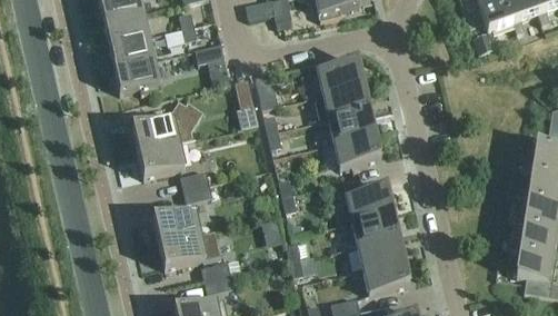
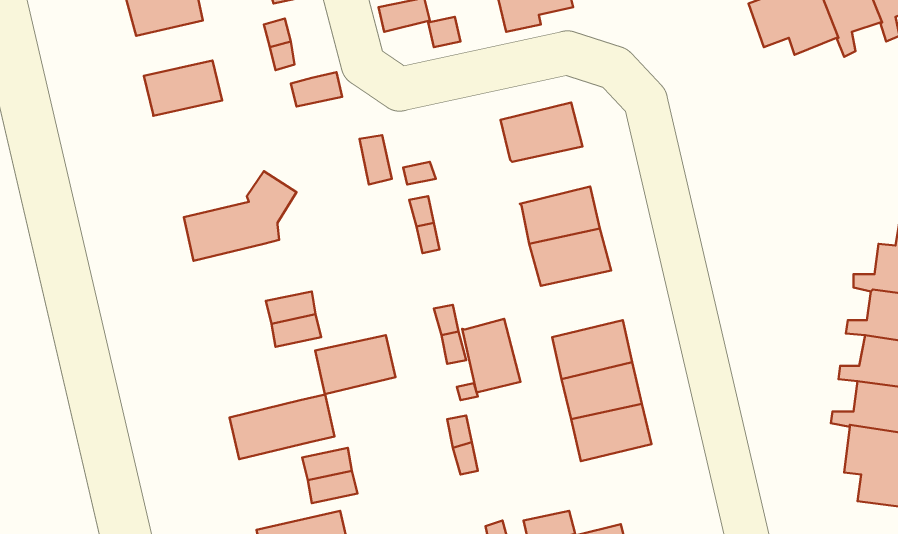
building: [104,13,149,46] -> none
building: [113,60,161,95] -> none
building: [315,87,369,122] -> none
building: [138,144,185,178] -> none
building: none -> [462,319,520,393]
building: [153,210,200,245] -> [315,335,395,394]
building: [363,260,410,295] -> none

